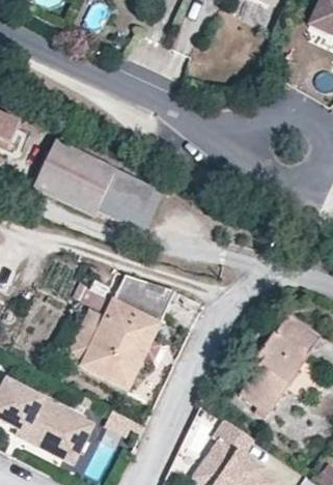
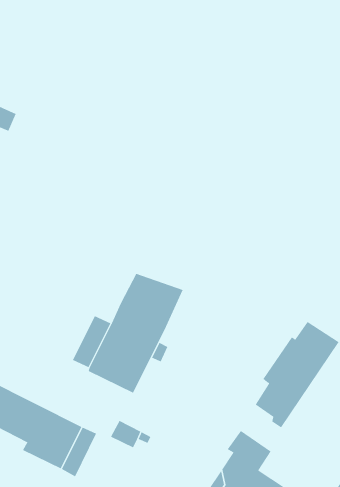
building: [34,140,154,227] -> none

